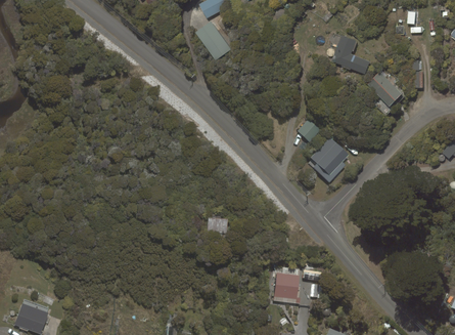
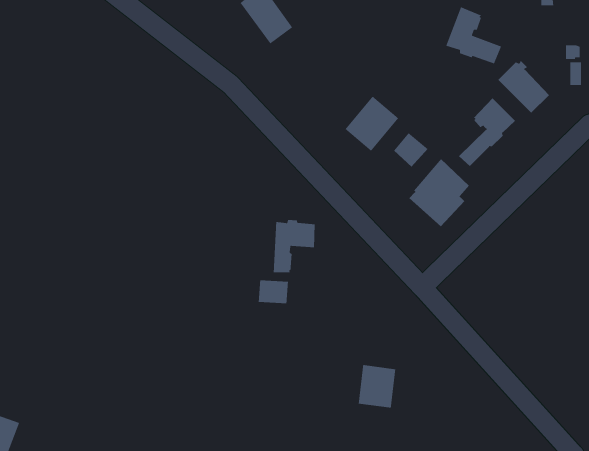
building: none -> [345,95,399,152]
building: none -> [458,98,516,167]
building: none -> [273,219,316,273]

